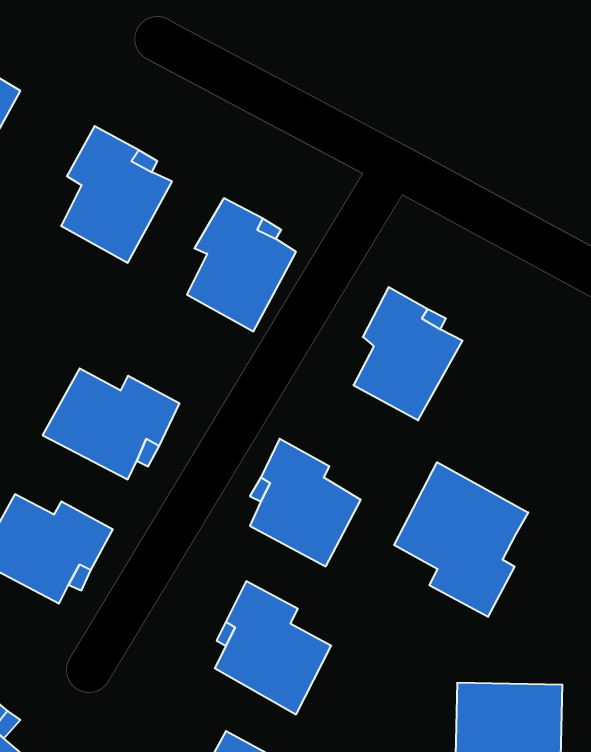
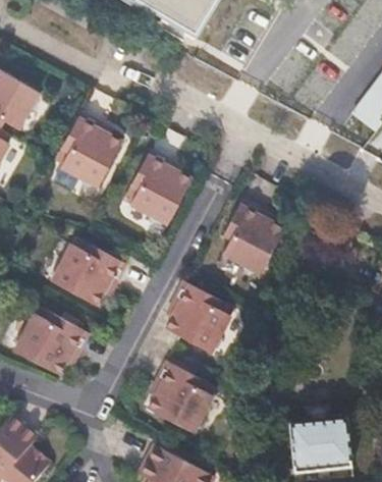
building: [394,462,528,617] -> none

